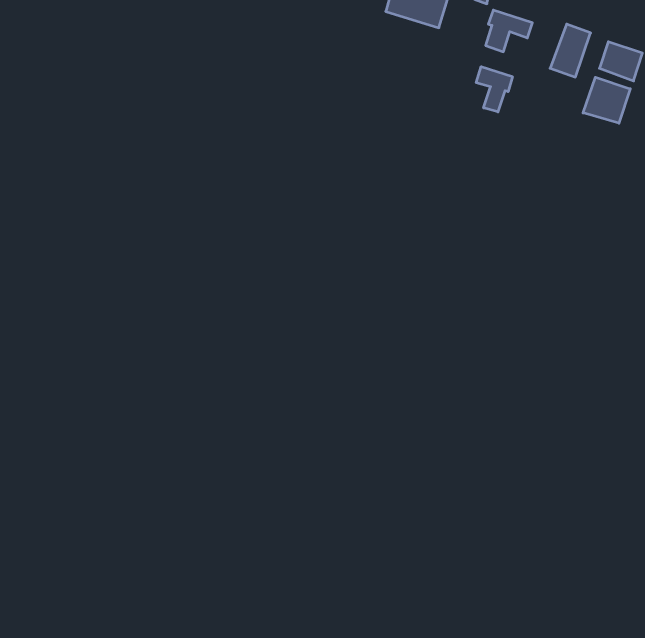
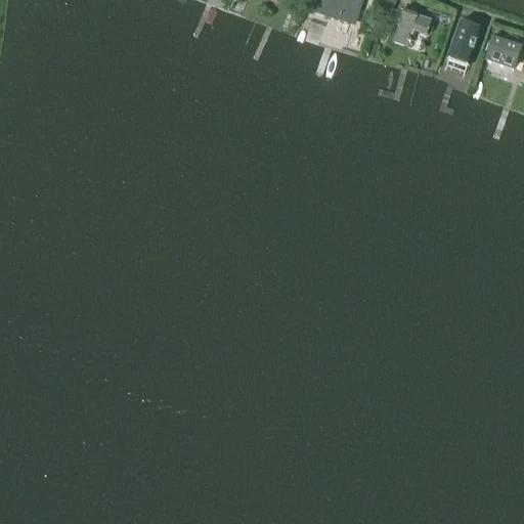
building: [476,67,512,112] -> none
building: [583,77,630,123] -> none

